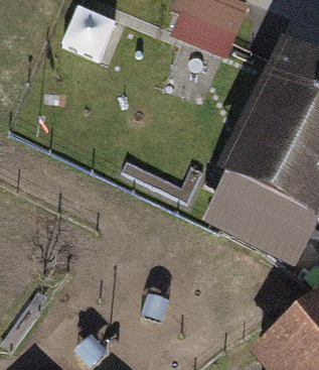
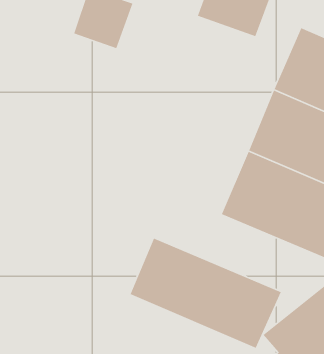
building: none -> [130,237,282,349]

